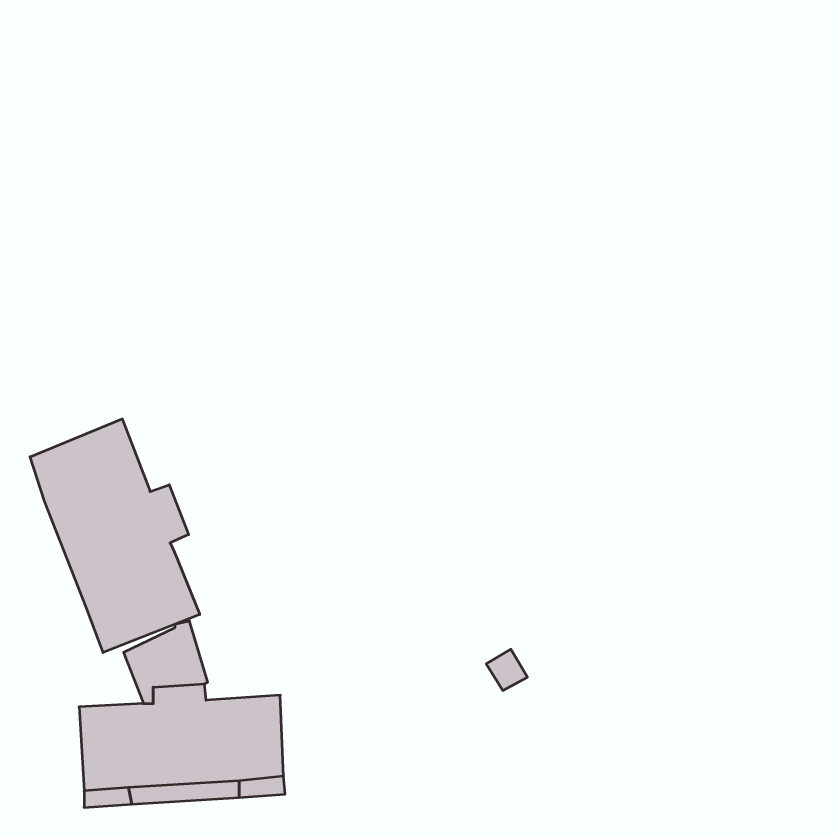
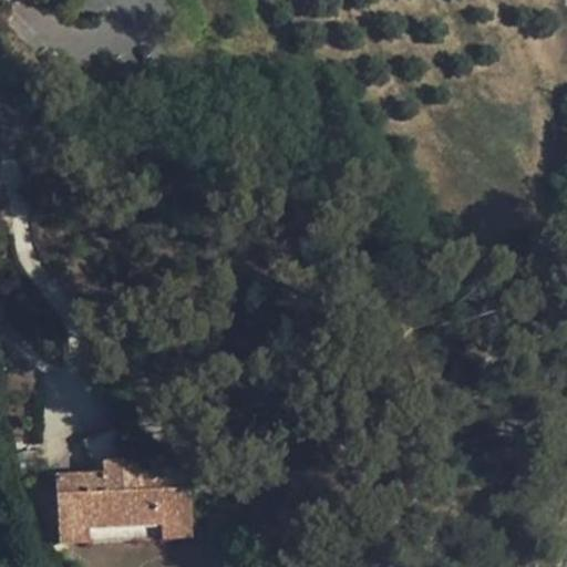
building: [30,419,200,653] -> none

